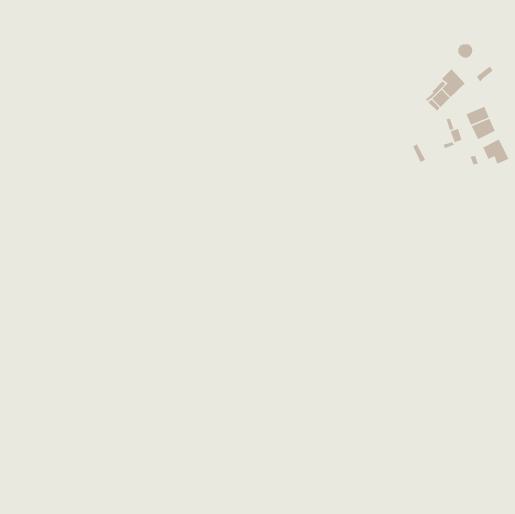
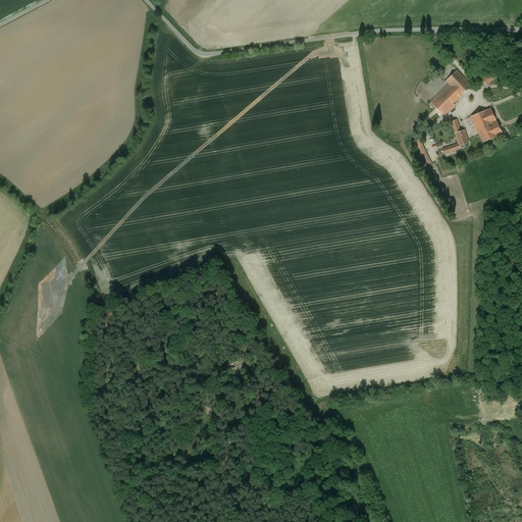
building: [482,139,510,164] -> none

